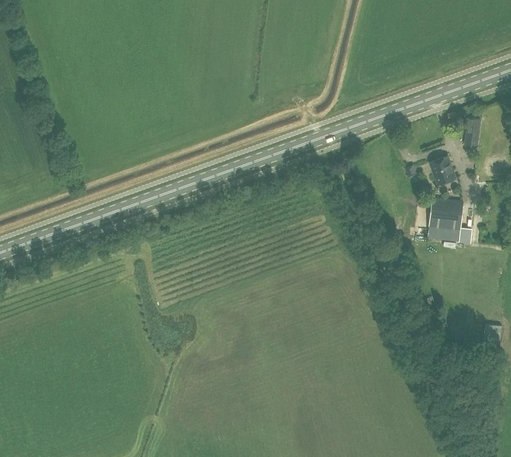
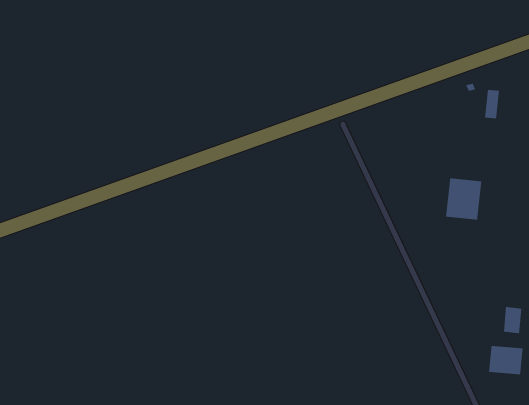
building: [430,155,456,184] -> none
building: none -> [489,345,523,375]

